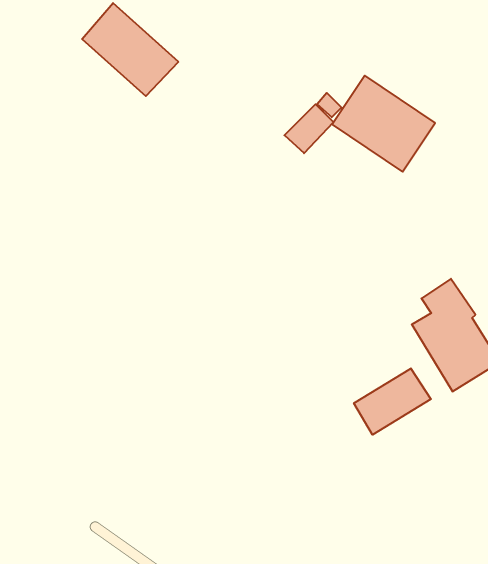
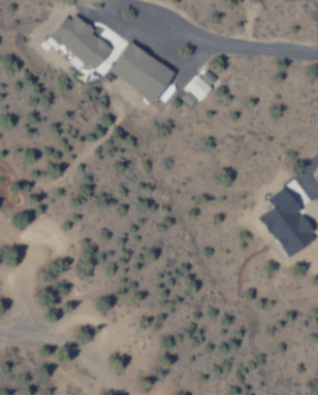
building: [332,76,435,172] -> [110,41,176,102]
building: [354,368,431,435] -> none

